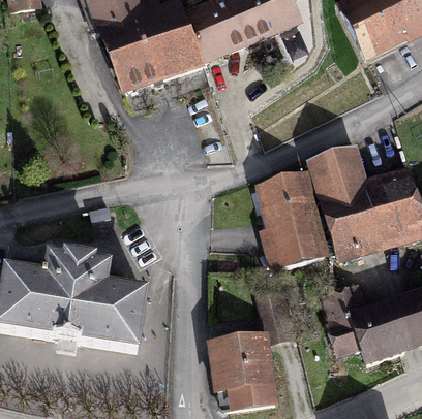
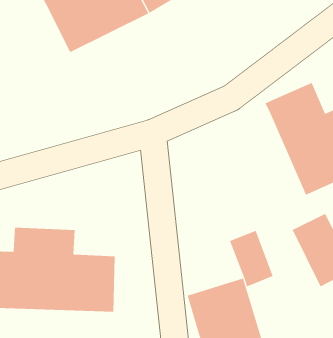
building: [254,171,334,269] -> none

